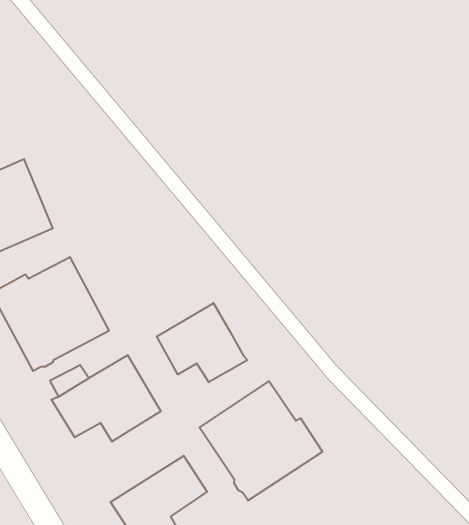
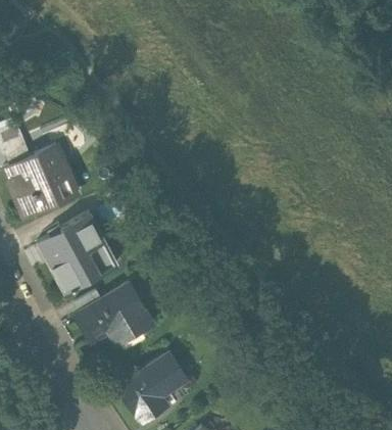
building: [157,303,247,382] -> none
building: [199,381,322,501] -> none

